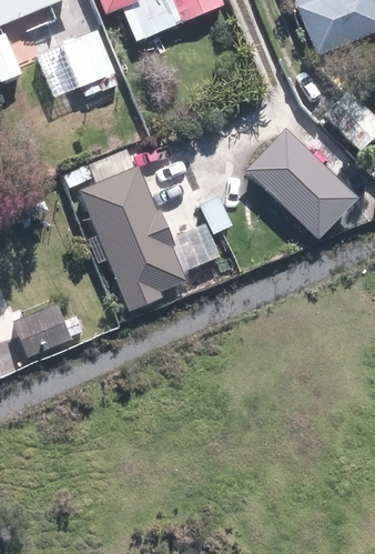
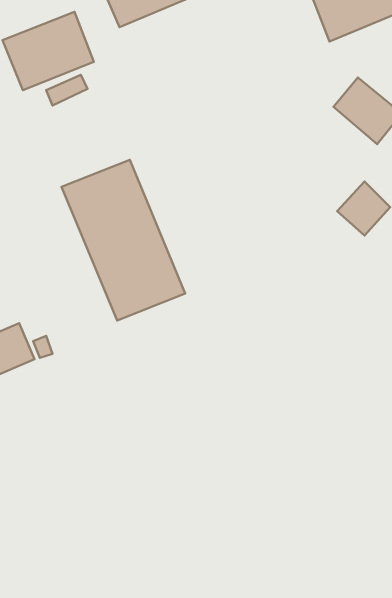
building: [225,113,333,221] -> none

